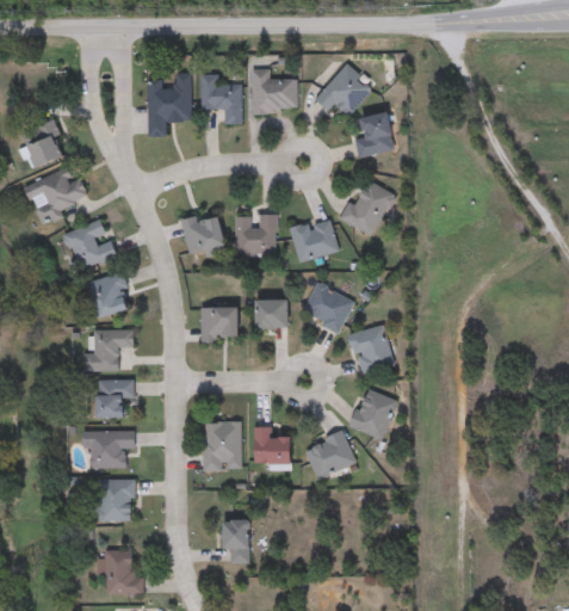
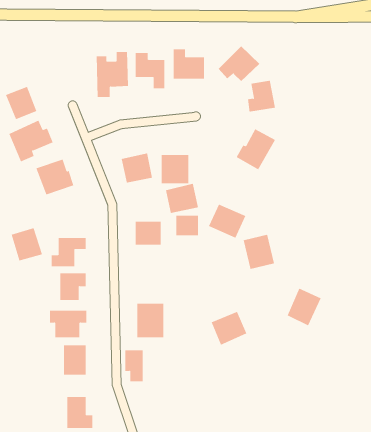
building: [291,218,338,260] -> [165,183,199,214]
building: [87,271,131,317] -> [11,228,43,261]
building: [351,387,398,439] -> [287,288,321,326]
building: [254,425,291,463] -> none
building: [223,519,249,563] -> [124,350,143,382]

